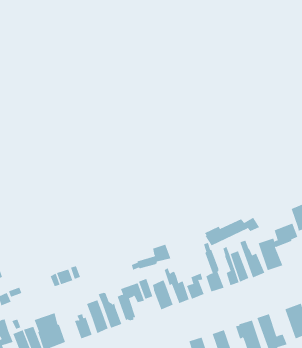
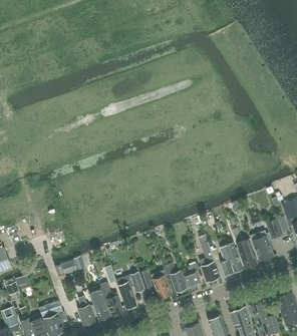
building: [204,217,260,246] -> none
building: [131,244,171,271] -> none

